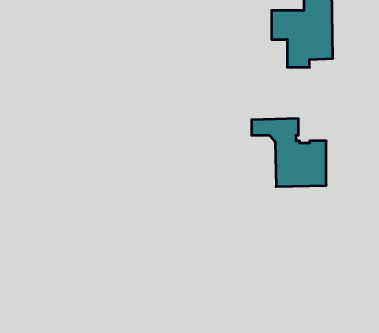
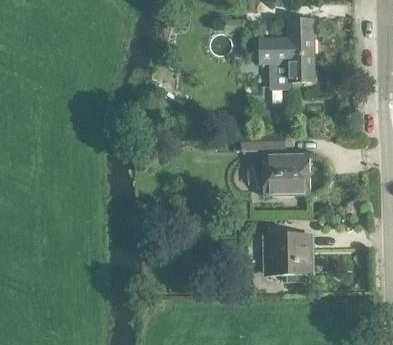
building: none -> [265,234,311,281]

